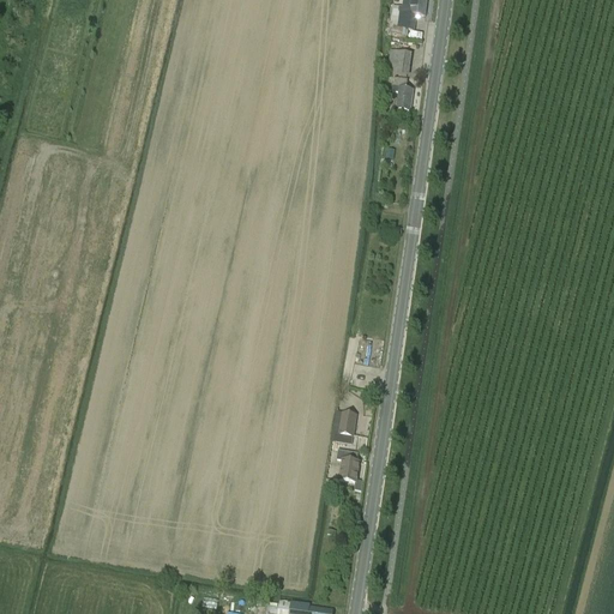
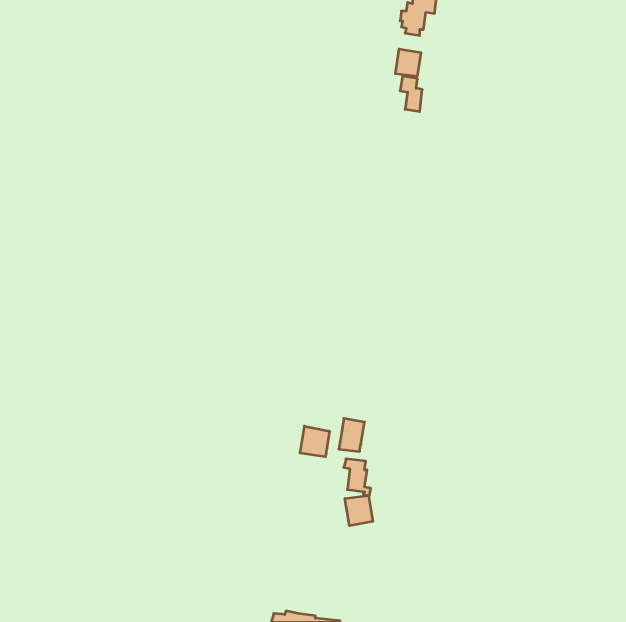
building: none -> [300,426,329,457]
building: none -> [345,495,373,526]

